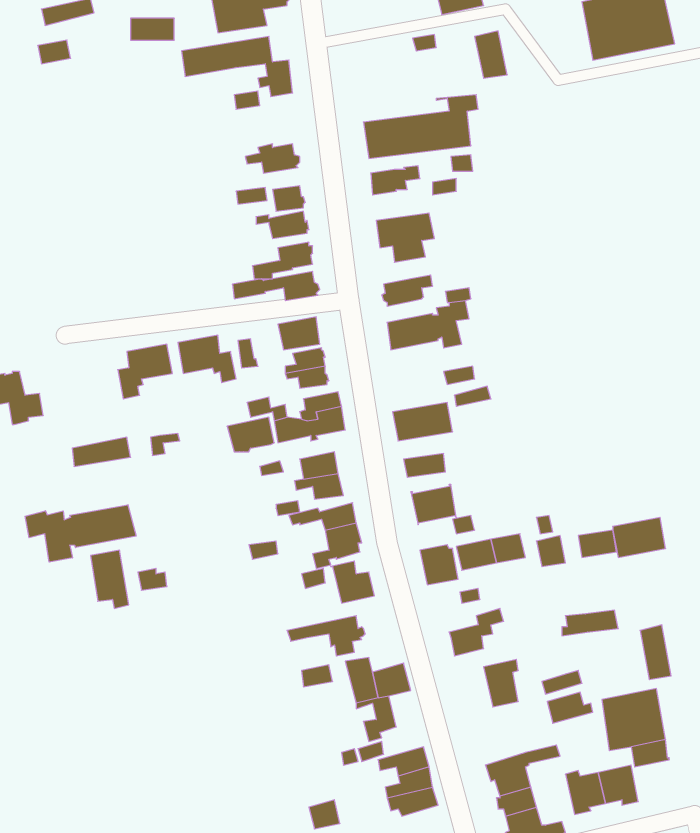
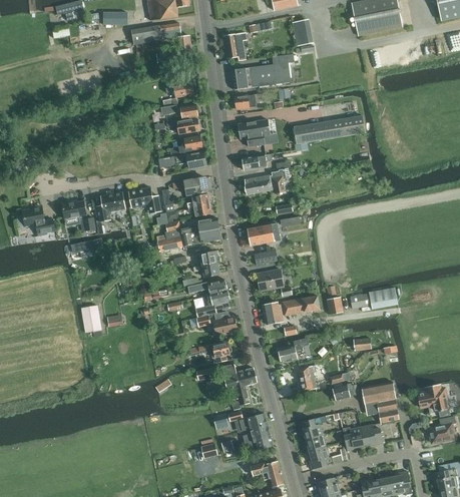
building: none -> [223,32,247,60]
building: none -> [293,115,365,143]
building: none -> [61,200,95,230]
building: [25,505,136,562] -> none

